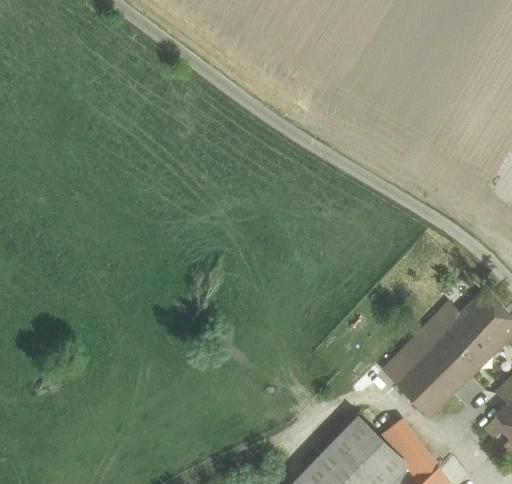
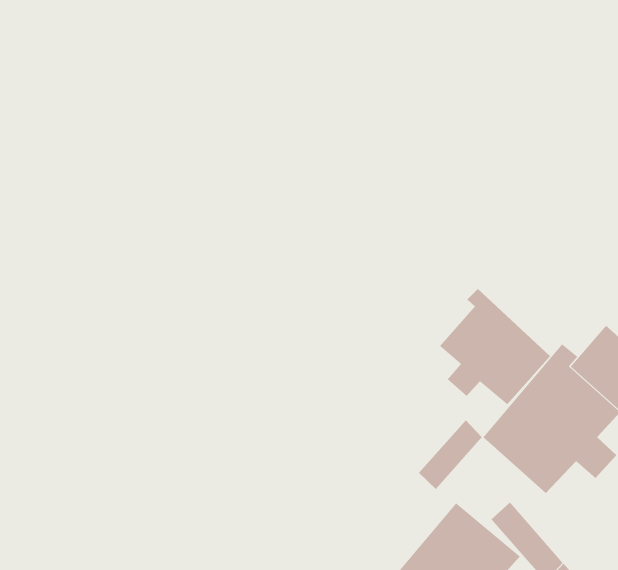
building: none -> [439,288,551,405]
building: none -> [418,419,482,490]

